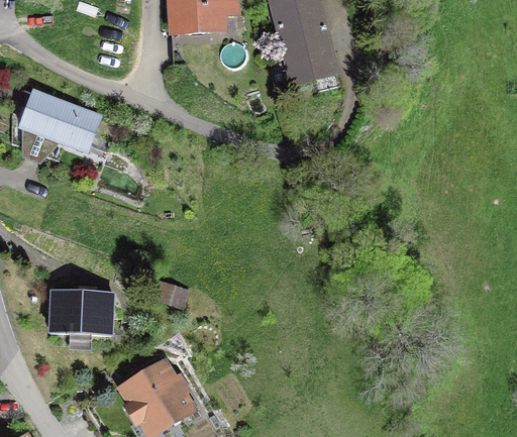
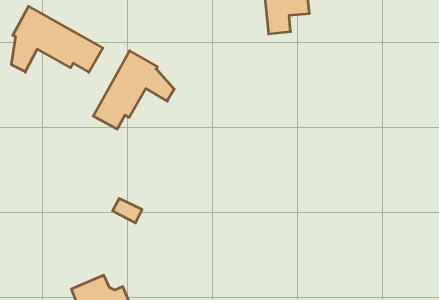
building: none -> [93,51,174,129]
building: [54,289,110,332] -> none

